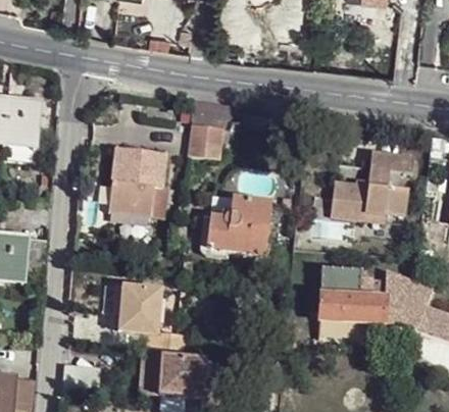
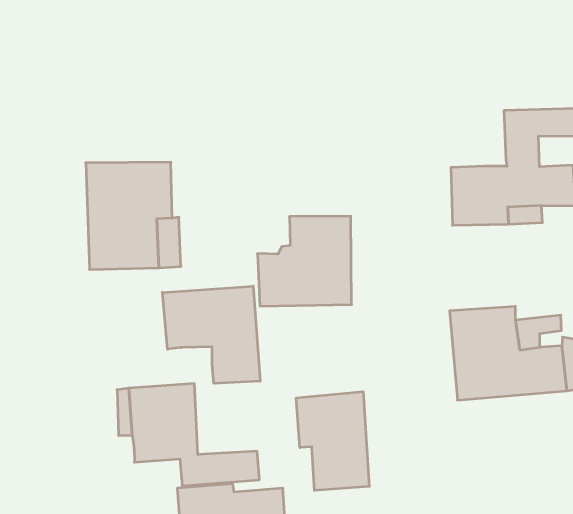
building: [188,124,222,158] -> none
building: none -> [162,286,260,383]
building: none -> [296,392,369,490]

